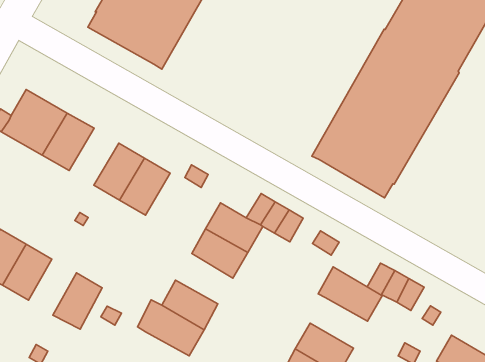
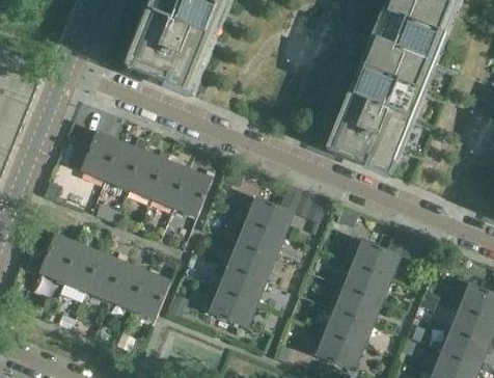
building: none -> [128,152,165,198]
building: none -> [227,243,274,281]
building: none -> [109,264,145,309]
building: none -> [342,264,389,302]

